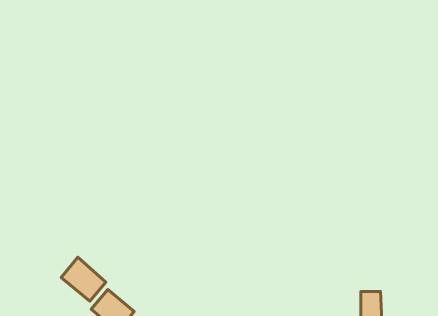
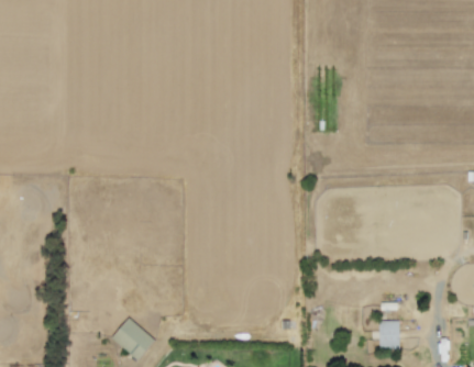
building: [61,257,106,301] -> none

